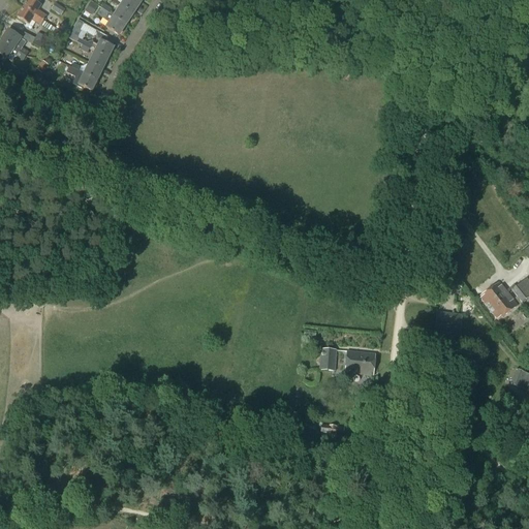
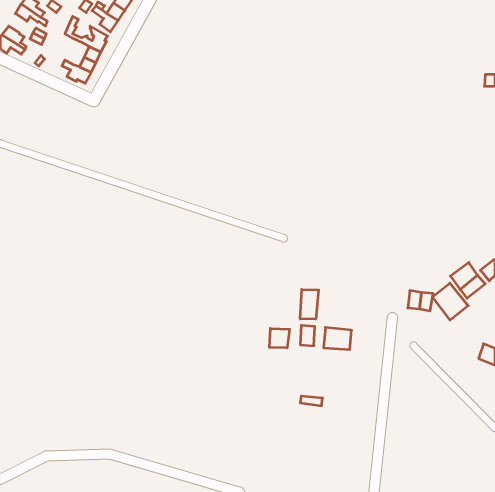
building: none -> [432,283,468,320]
building: none -> [300,289,319,319]
building: none -> [269,328,290,348]

